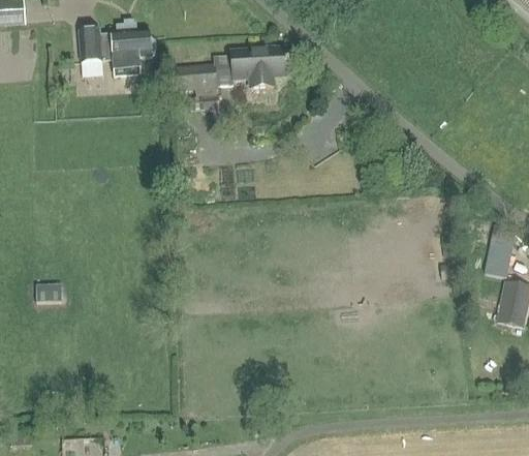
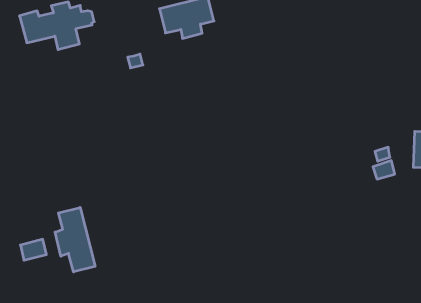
building: [173,54,232,89] -> none
building: none -> [55,207,95,272]

